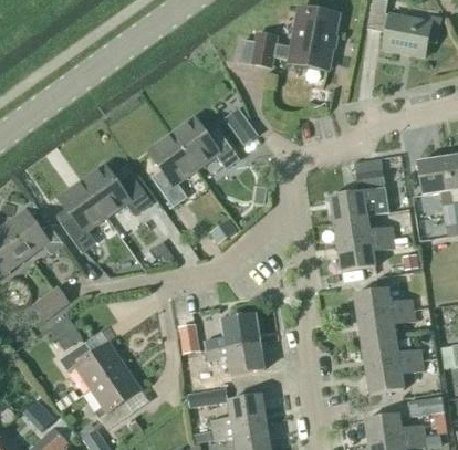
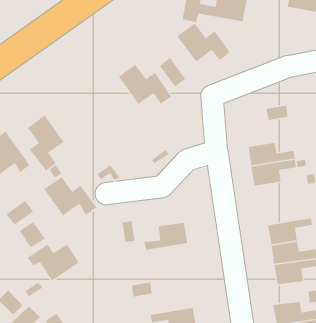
building: none -> [176,23,231,63]
building: [148,134,197,207] -> none
building: [81,166,148,216] -> [43,177,97,217]
building: [329,187,388,221] -> none
building: [353,287,413,318] -> none
building: [206,342,263,374] -> none
building: [90,366,140,429] -> none
building: [210,395,266,430] -> none

